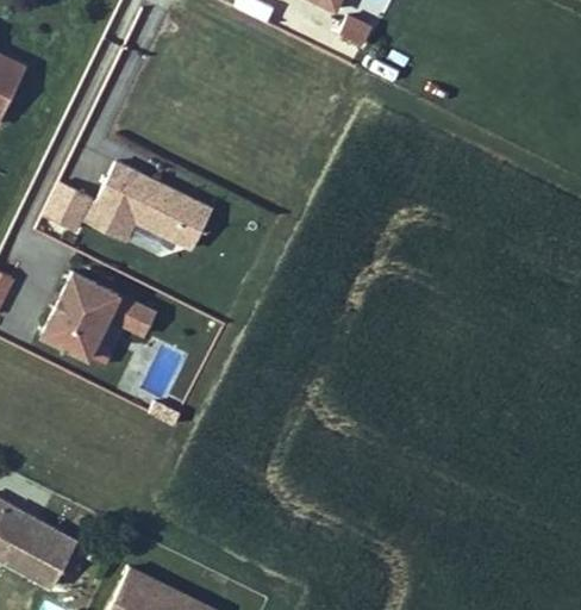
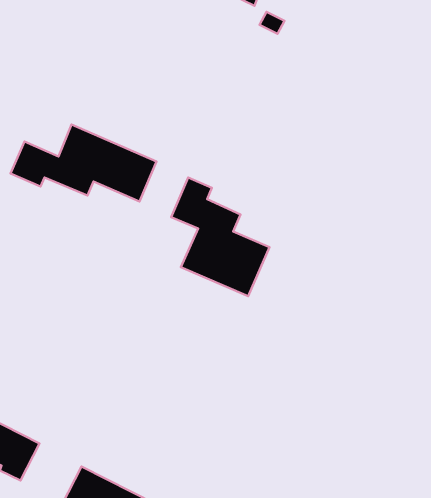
building: none -> [171,178,270,296]
building: [40,267,160,363] -> none

